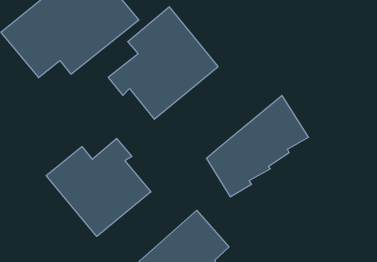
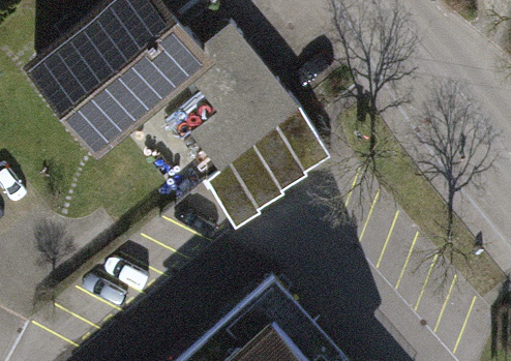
building: [206,96,309,197] -> [206,107,330,230]
building: [46,138,151,236] -> none

